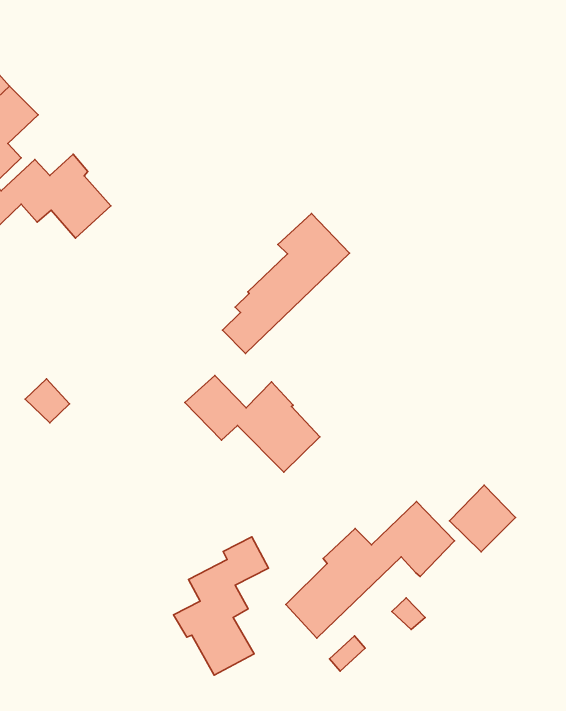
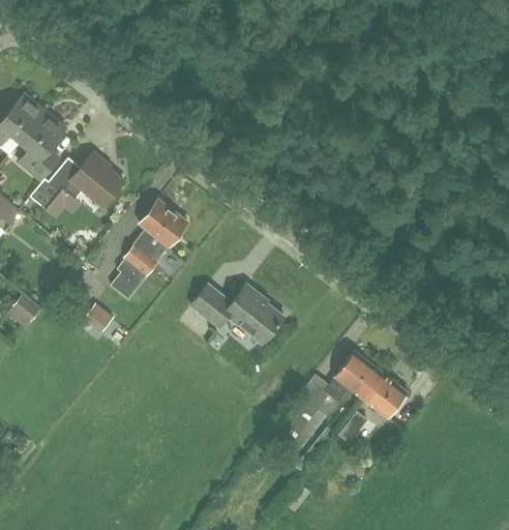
building: [222,214,350,354] -> [111,200,188,299]
building: [450,485,515,552] -> [363,374,407,418]
building: [174,537,269,675] -> none

